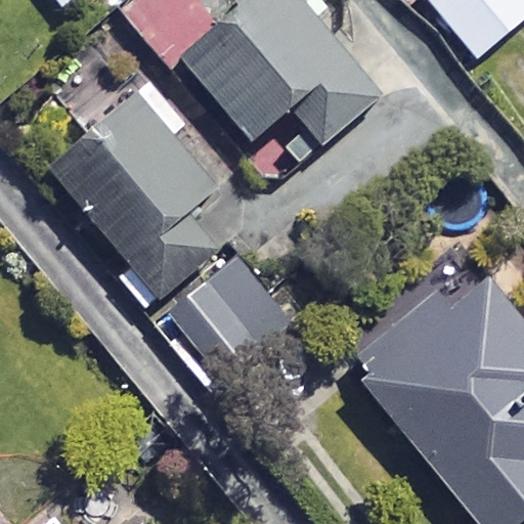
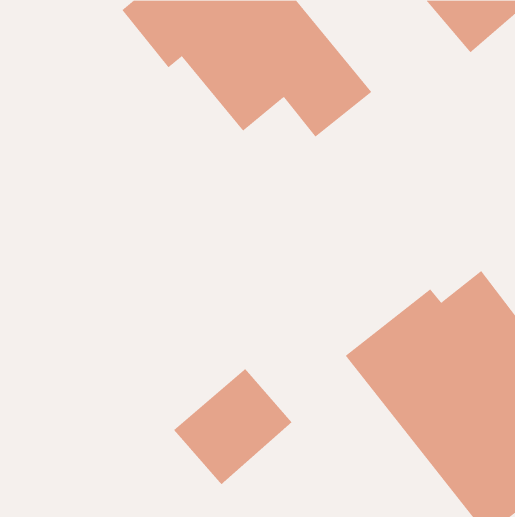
building: [49,89,220,296] -> none
building: [161,255,280,373] -> [173,368,292,485]

